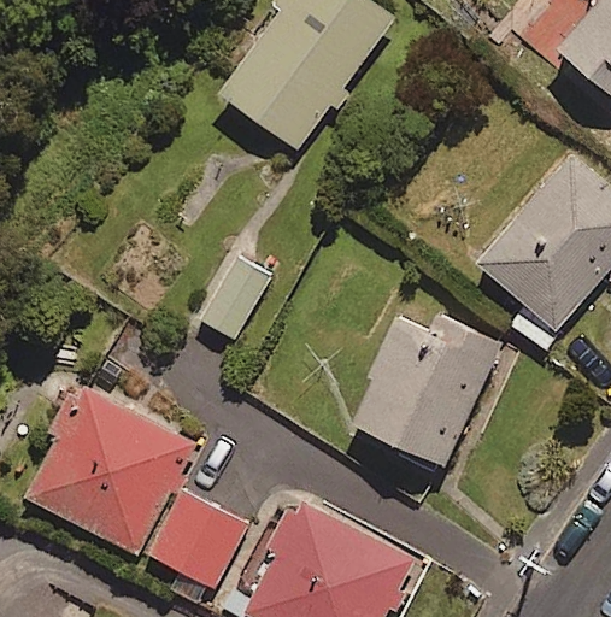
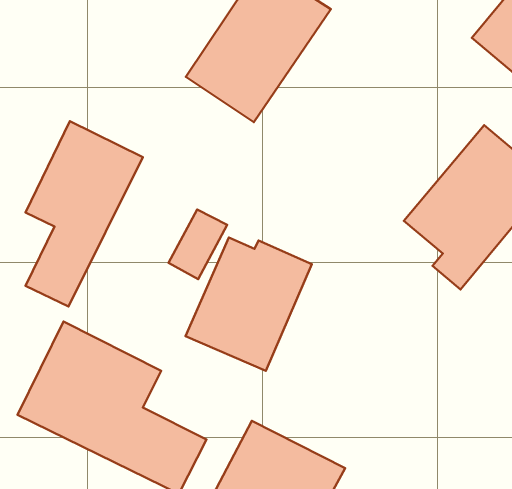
building: none -> [25,121,143,306]
building: [351,315,499,471] -> [186,237,312,371]

